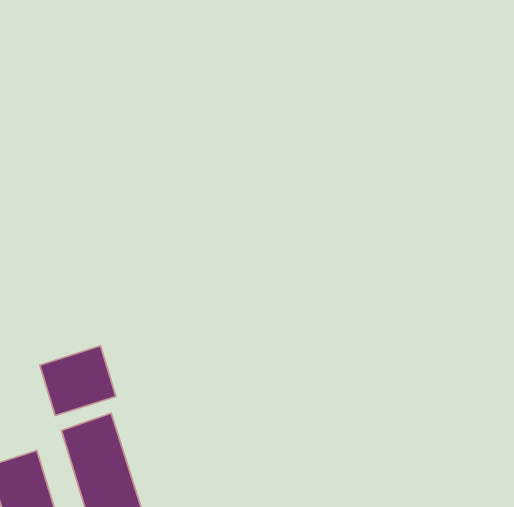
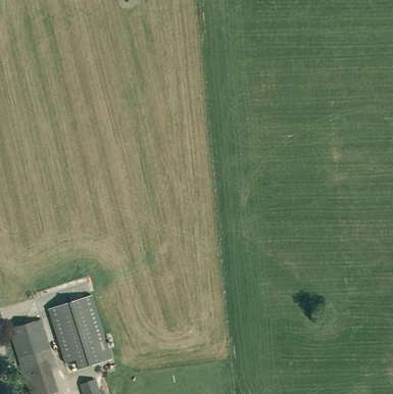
building: [40,346,116,416] -> none

